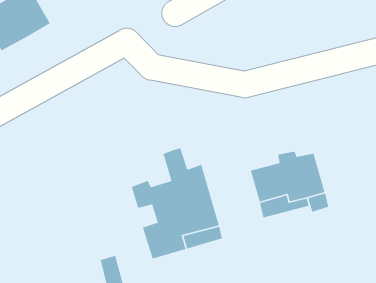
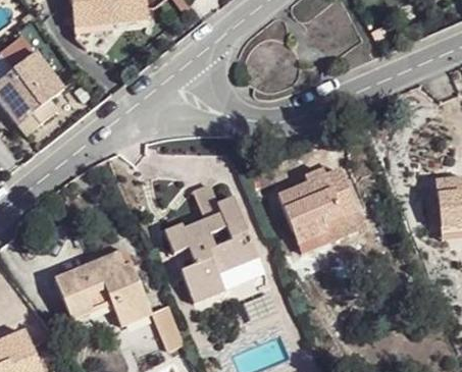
building: none -> [54,250,151,321]

